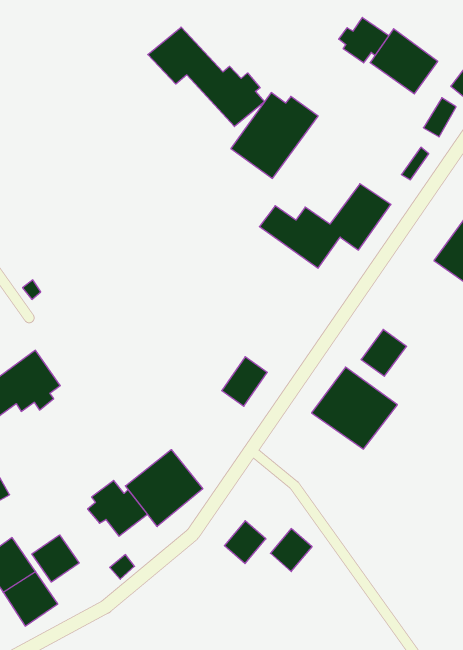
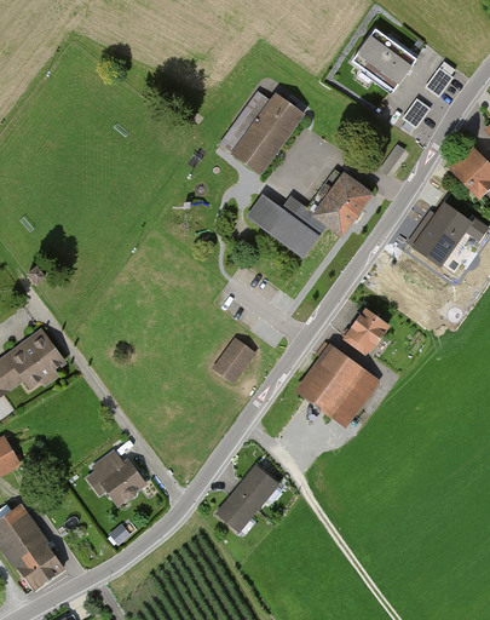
building: [339,17,389,63] -> none
building: [148,27,265,127] -> none
building: [125,450,203,527] -> none
building: [270,529,312,572] -> [236,465,275,505]
building: [32,535,79,582] -> none

